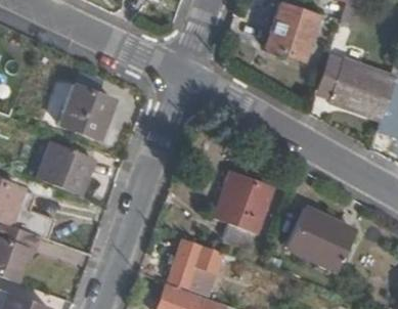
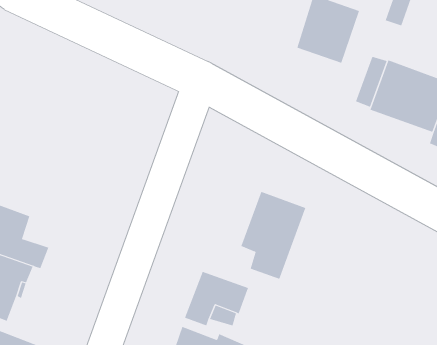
building: [57,83,115,139] -> none
building: [39,142,93,191] -> none
building: [286,206,356,268] -> none

